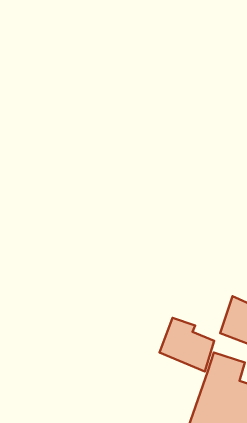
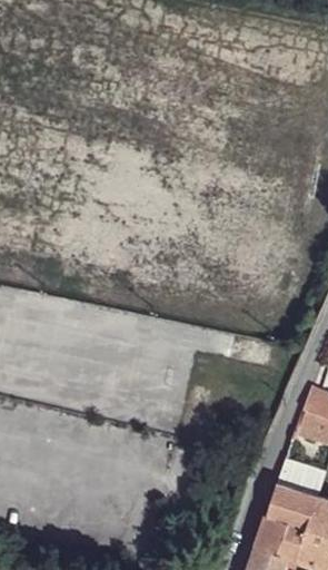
building: [159,318,214,371] -> none

